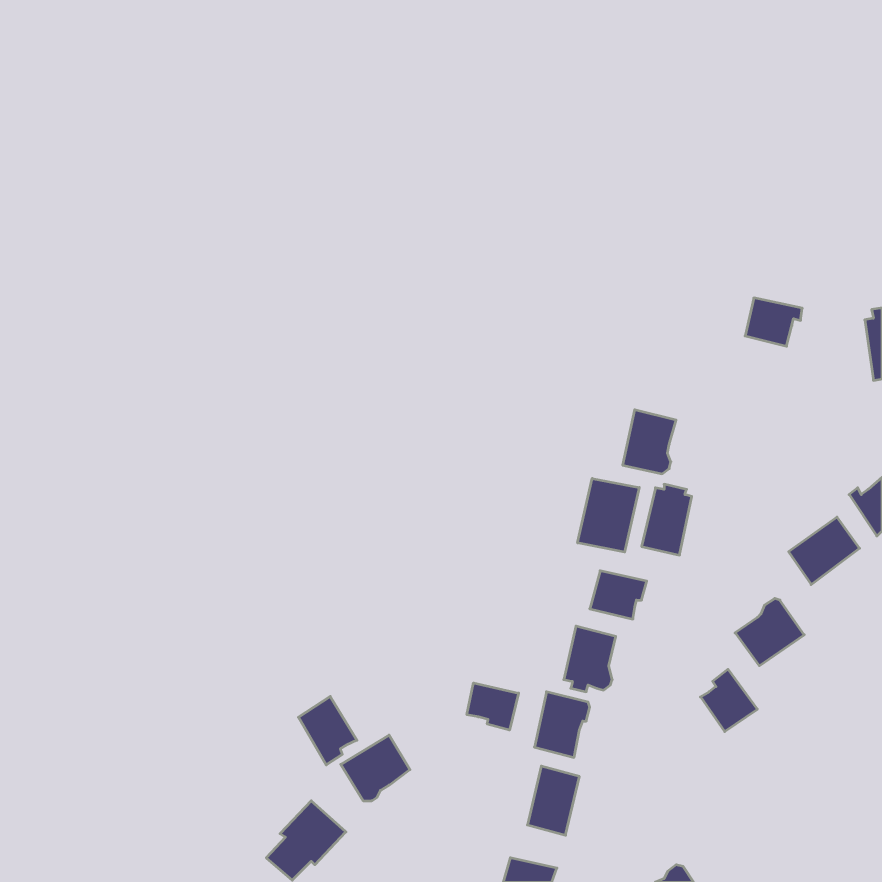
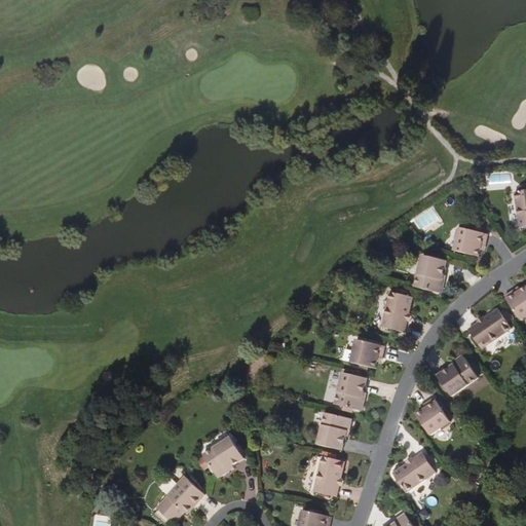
building: [745,298,802,346] -> [453,226,487,255]
building: [623,410,676,474] -> [414,253,446,291]
building: [578,478,639,552] -> none
building: [467,683,519,730] -> none
building: [298,696,357,765] -> none
building: none -> [392,452,436,491]

